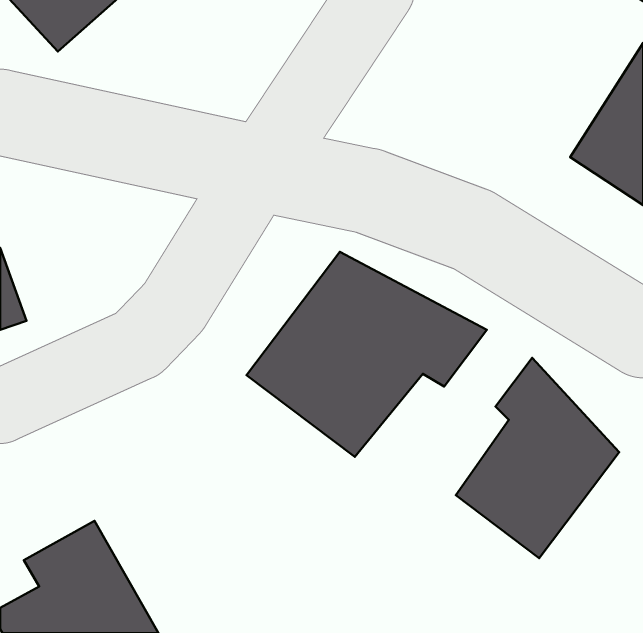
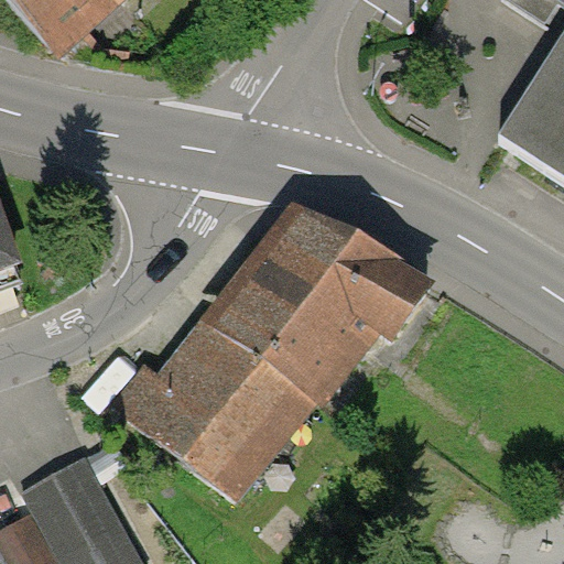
building: [456,358,619,558] -> none
building: none -> [120,322,311,500]

